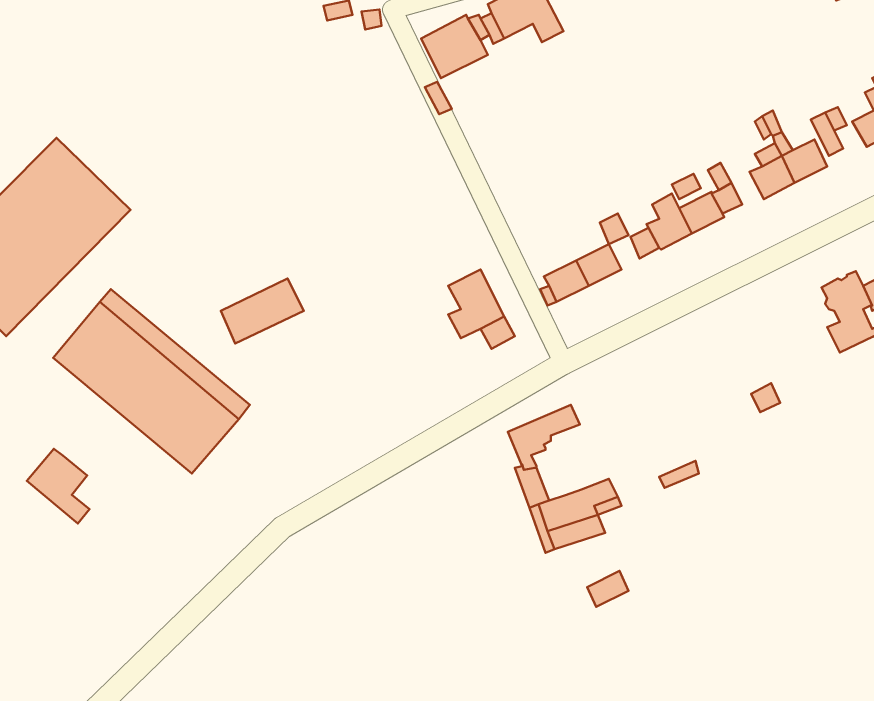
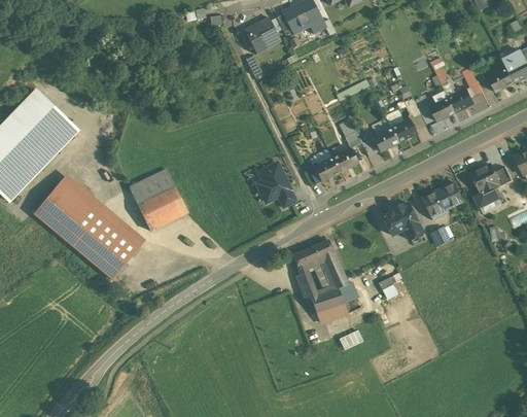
building: none -> [421,182,461,219]
building: none -> [137,186,188,232]
building: none -> [382,203,422,239]
building: none -> [313,251,347,291]
building: [27,449,89,524] -> none

